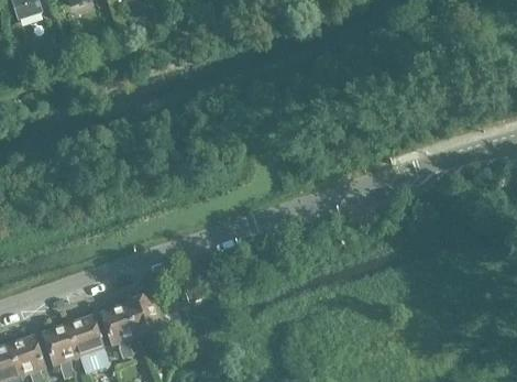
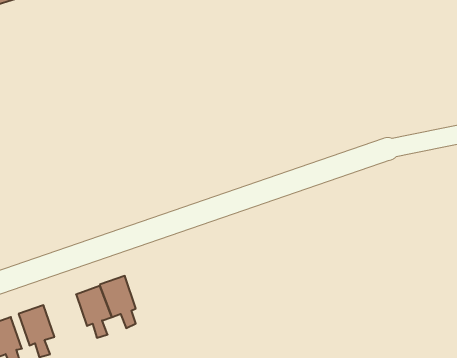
building: [68,314,103,365] -> none

